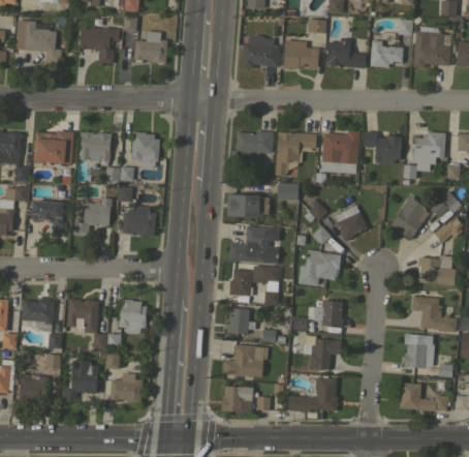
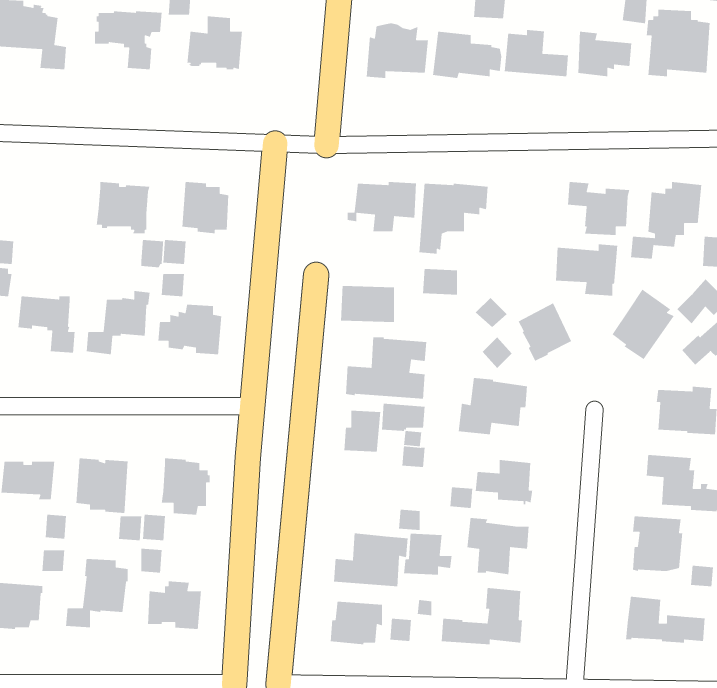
building: [34,130,74,164] -> none
building: [322,131,361,163] -> [555,243,618,296]
building: [226,308,256,334] -> [403,533,453,576]

